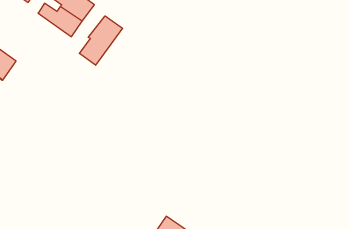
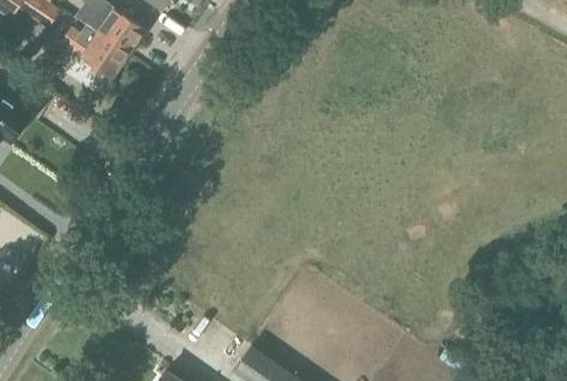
building: [79,16,123,65] -> none

